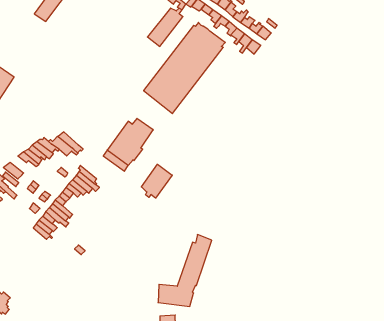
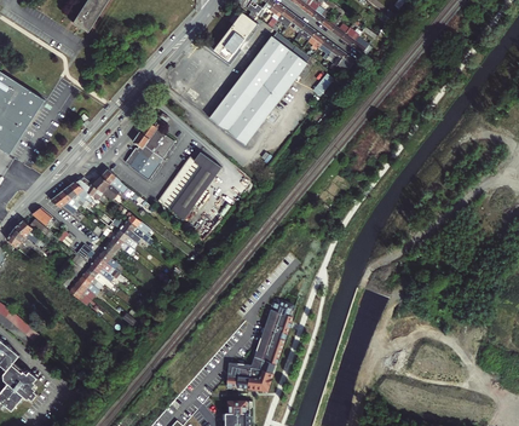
building: none -> [125,121,175,179]
building: [141,164,172,198] -> none

